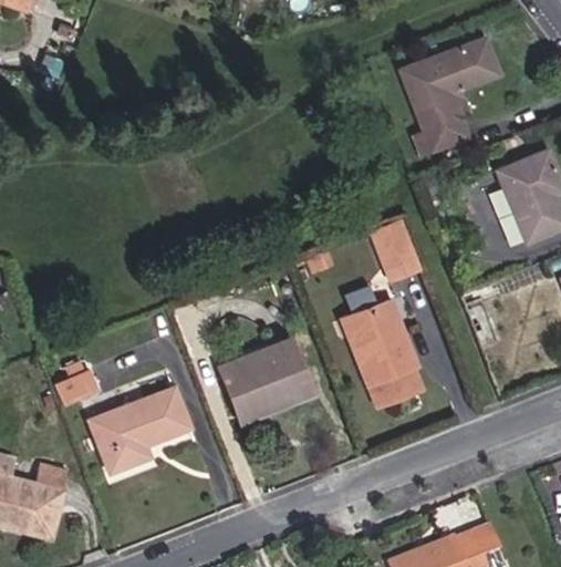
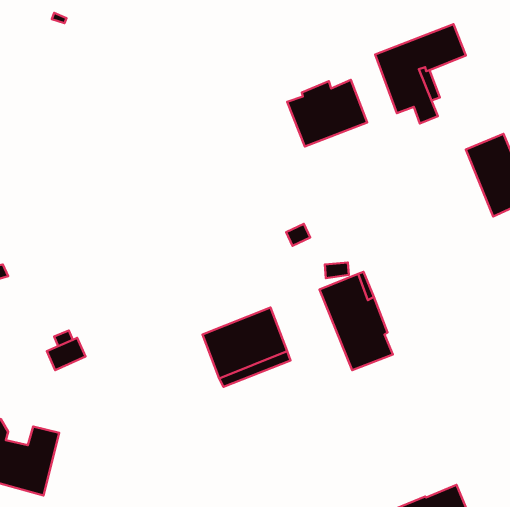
building: none -> [287,80,367,146]
building: [372,221,417,279] -> none
building: [89,388,188,471] -> none

